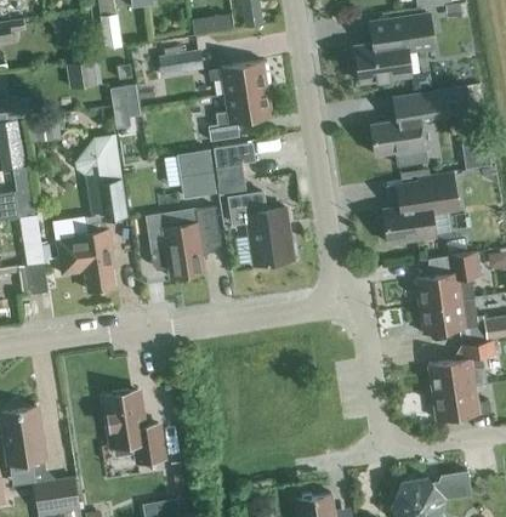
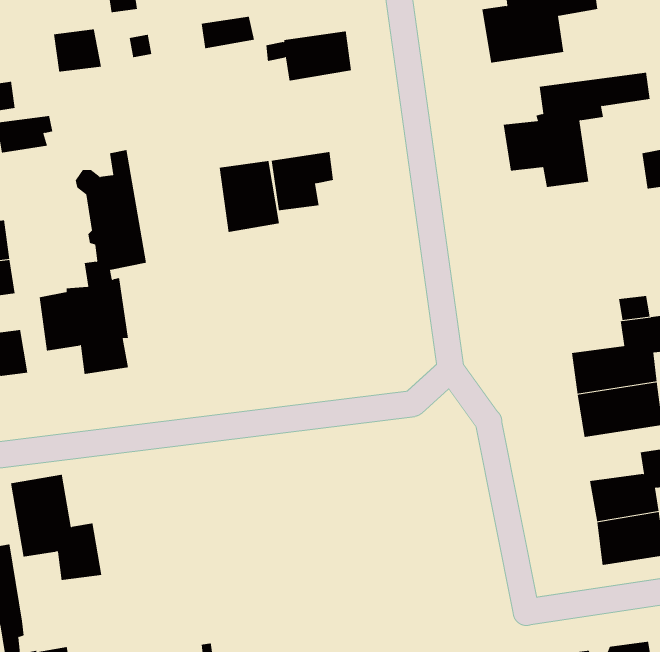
building: [109,85,138,130] -> none
building: [207,87,272,142] -> none
building: [382,176,459,244] -> none
building: [226,191,292,265] -> none
building: [152,206,220,278] -> none
building: [103,391,165,462] -> [10,474,102,581]

